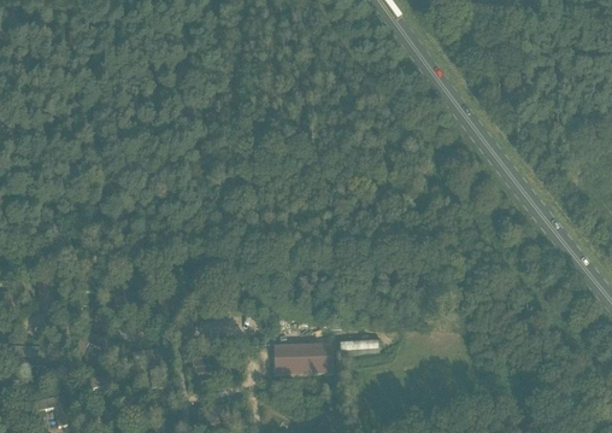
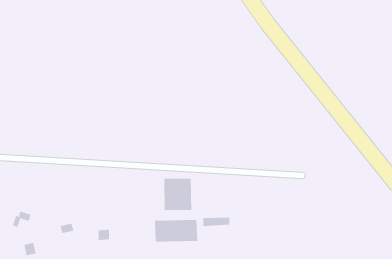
building: none -> [164,178,192,211]

